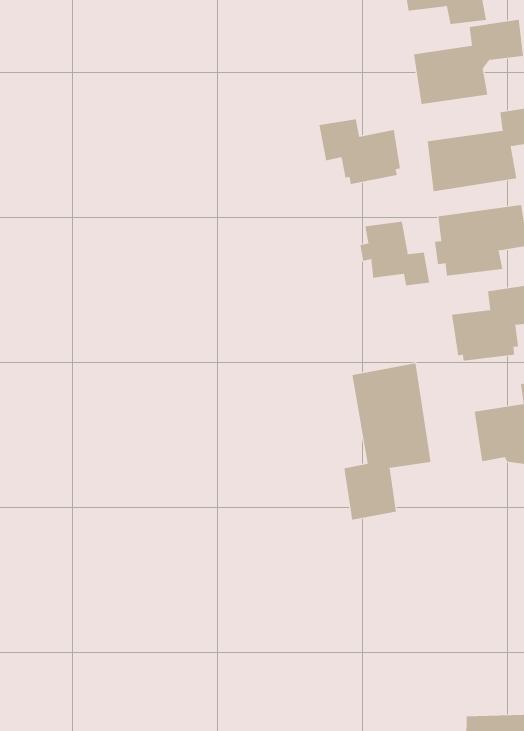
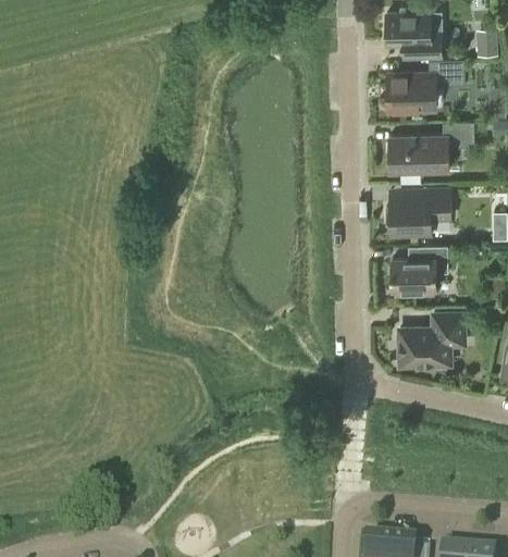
building: [319,119,400,185] -> none
building: [360,221,430,286] -> none
building: [344,363,431,520] -> none

